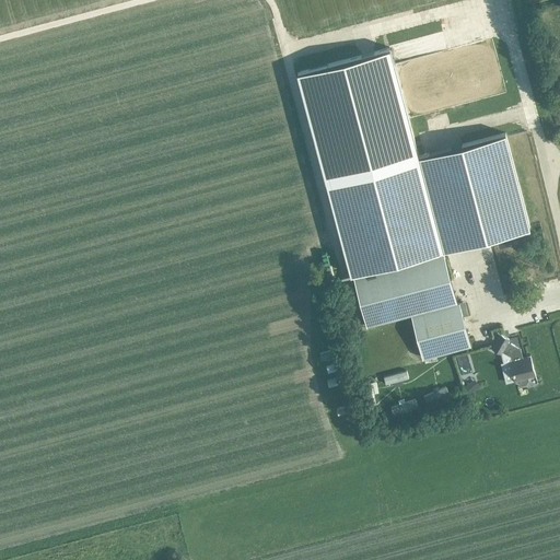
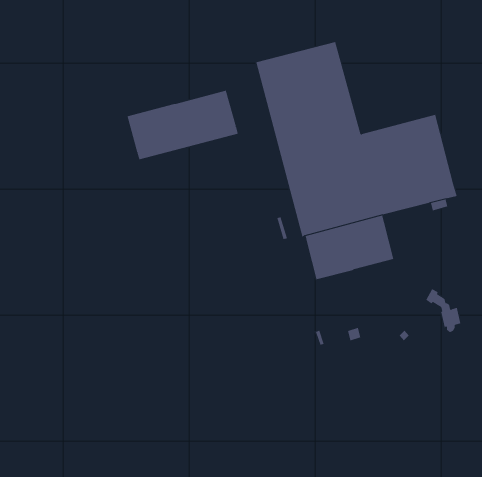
building: none -> [127,90,239,160]
building: [411,305,470,363] -> none

